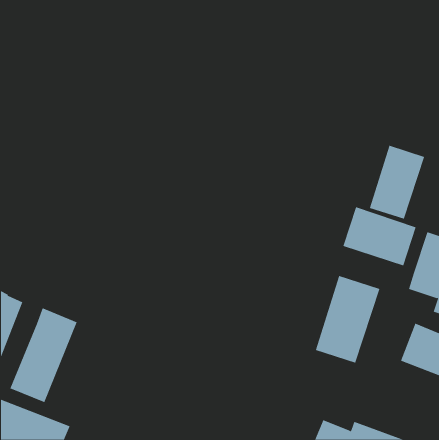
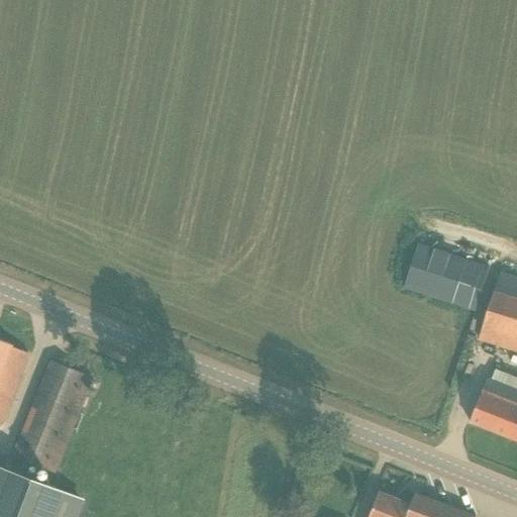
building: [369,145,425,220] -> none
building: [315,275,380,363] -> none

